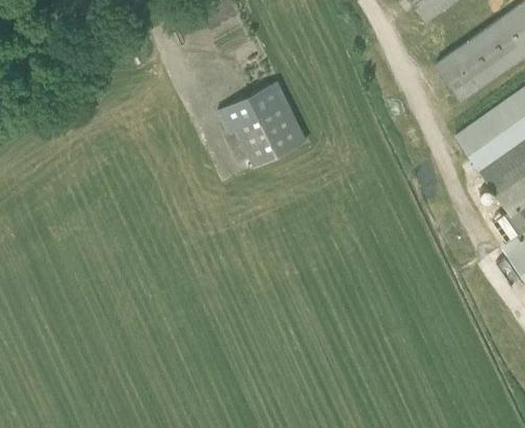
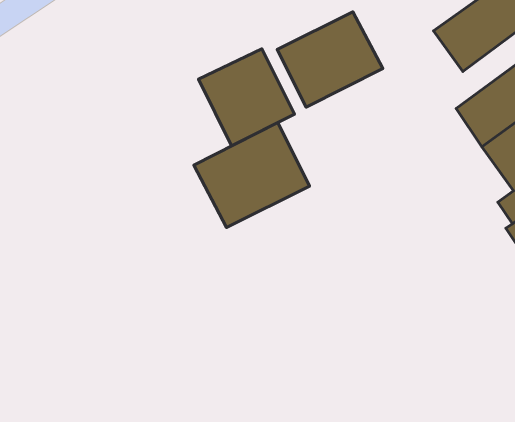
building: none -> [277,12,383,107]
building: none -> [194,123,309,228]

